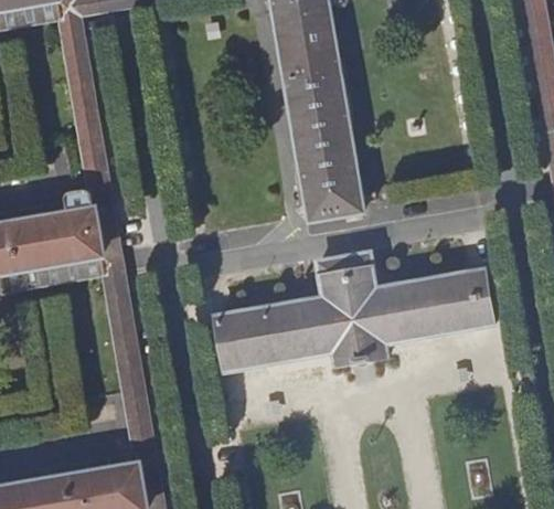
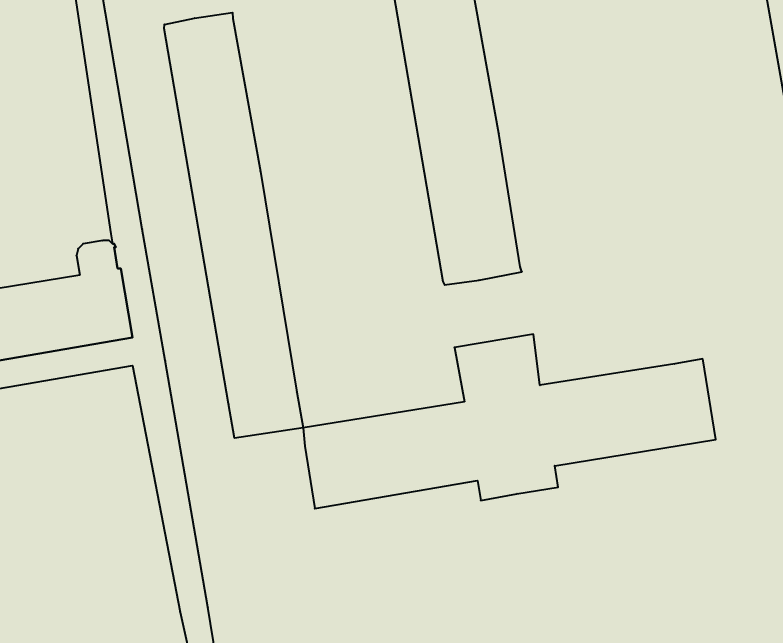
building: none -> [164,13,303,438]

